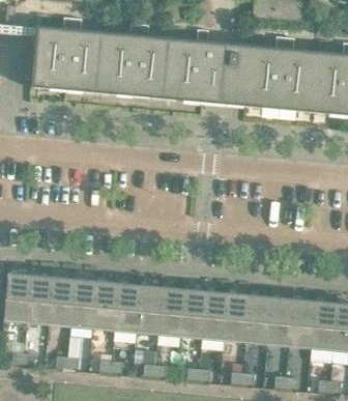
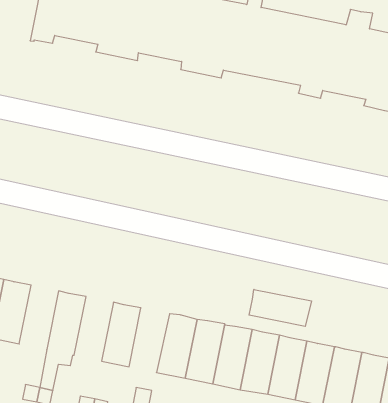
building: none -> [249,289,311,326]
building: [49,278,75,326] -> none
building: [92,282,118,331] -> none
building: [136,286,163,335] -> none

